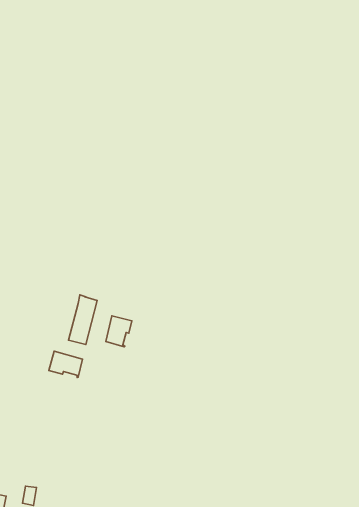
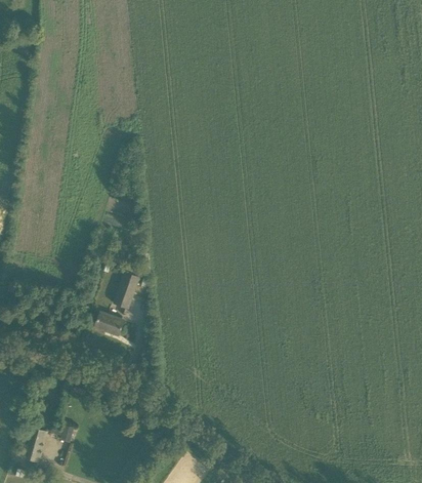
building: [106,316,132,347] -> none

